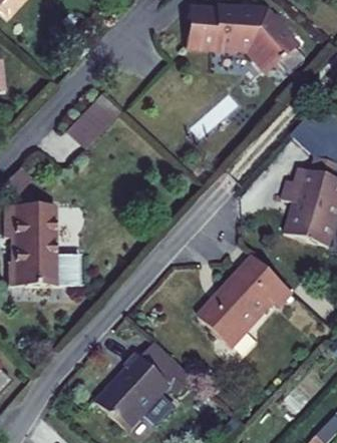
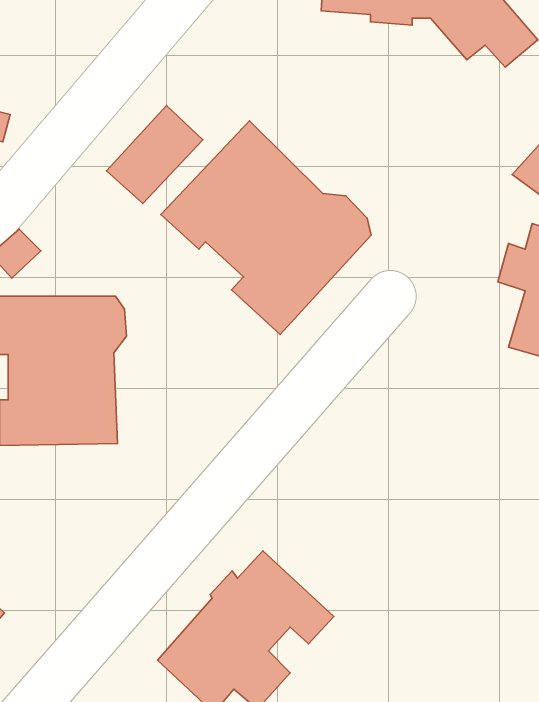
building: none -> [161,121,371,334]
building: [197,257,292,347] -> none

